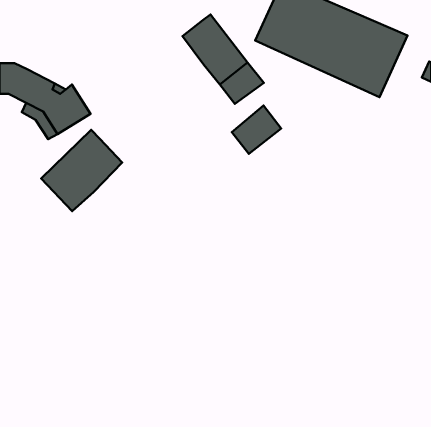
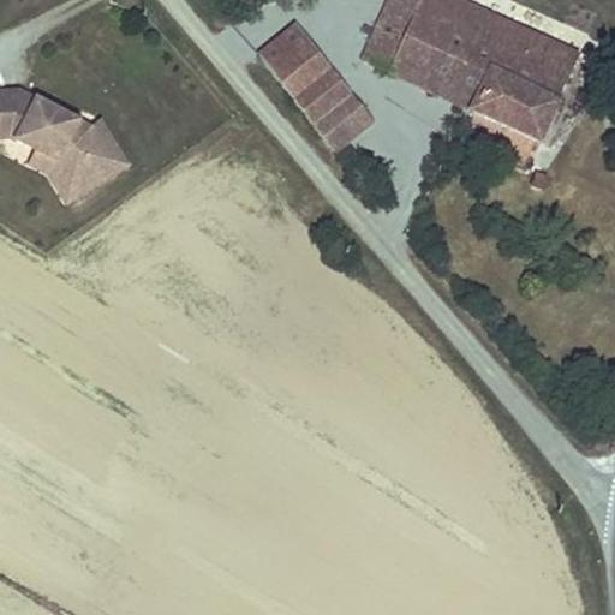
building: [232,106,281,154] -> none
building: [41,130,122,211] -> none

